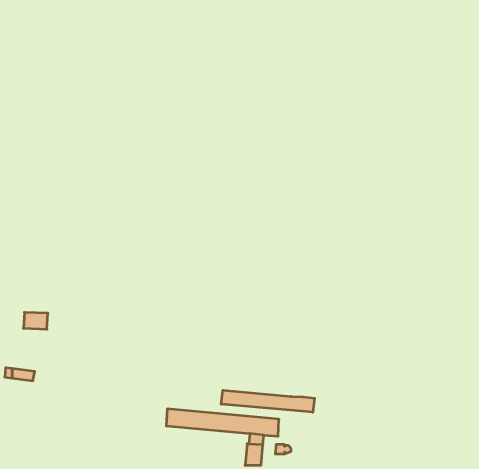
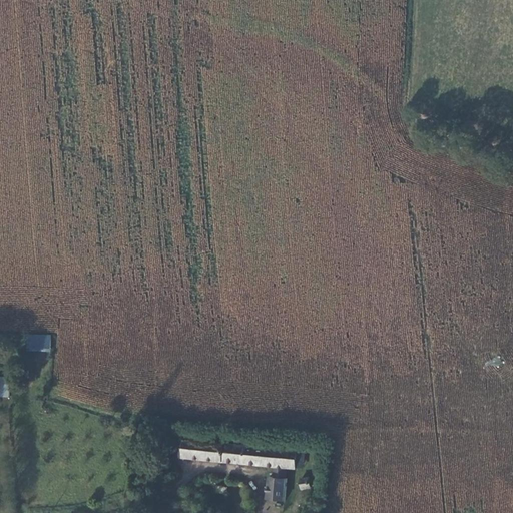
building: [221,390,315,412] -> none

